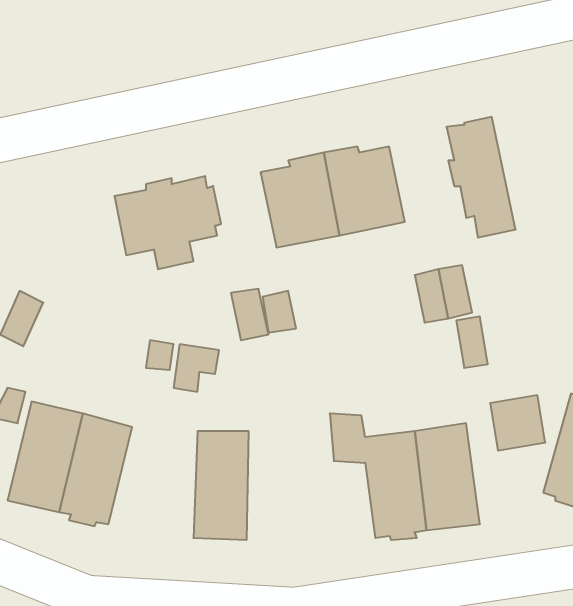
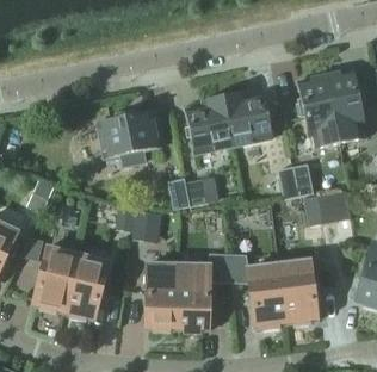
building: none -> [325,70,364,143]
building: [490,395,545,451] -> [317,191,351,224]
building: none -> [177,254,229,331]

